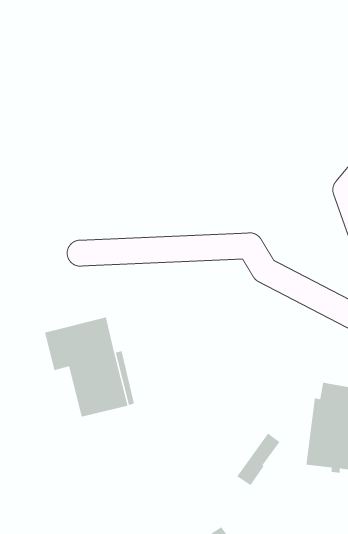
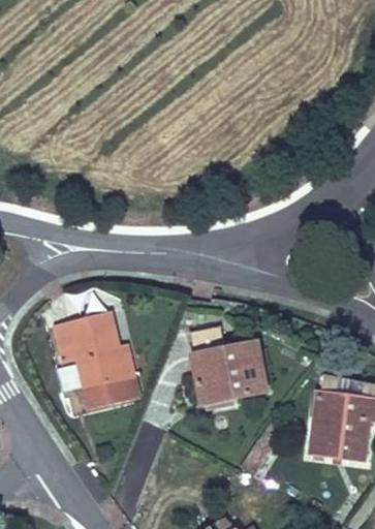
building: none -> [188,326,271,411]

